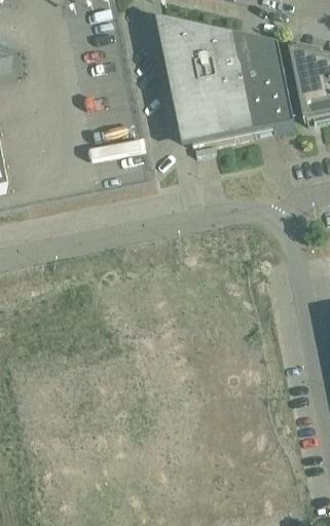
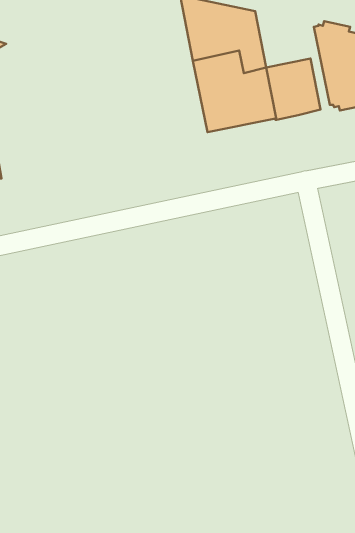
building: [235,34,286,85] -> none

